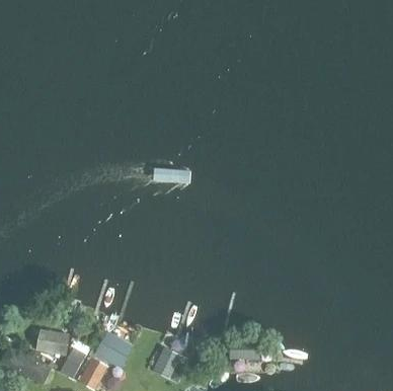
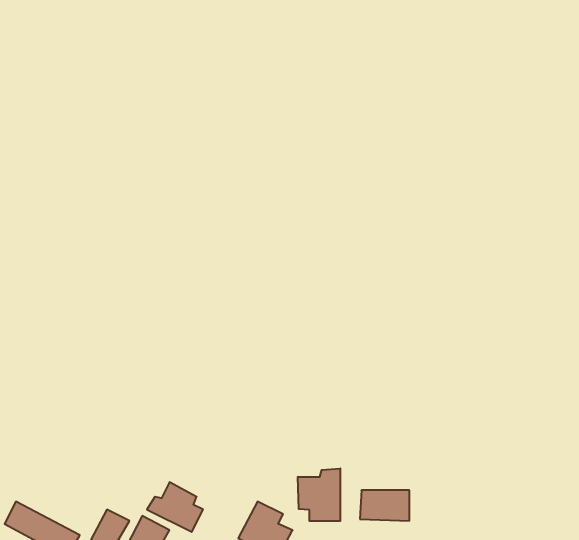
building: none -> [298,468,340,521]
building: [35,328,70,355] -> none

